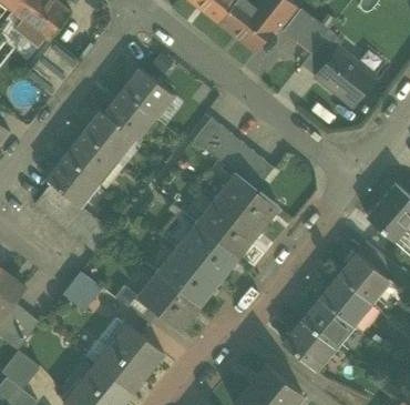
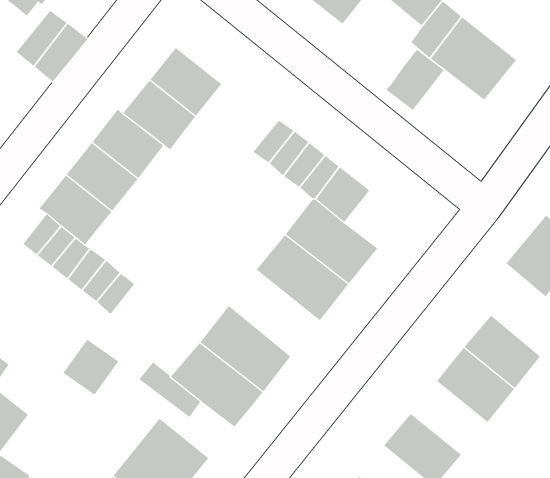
building: none -> [385,49,445,111]
building: [176,222,239,282] -> none
building: [301,298,355,350] -> none

